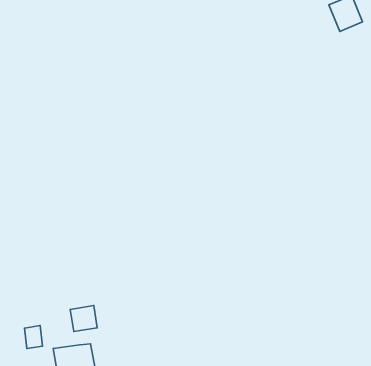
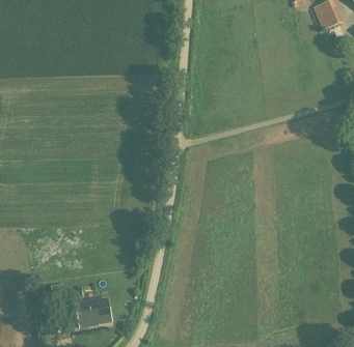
building: [70,305,97,332] -> none

